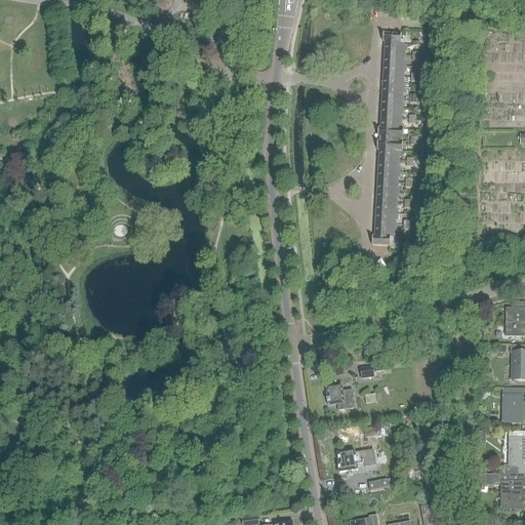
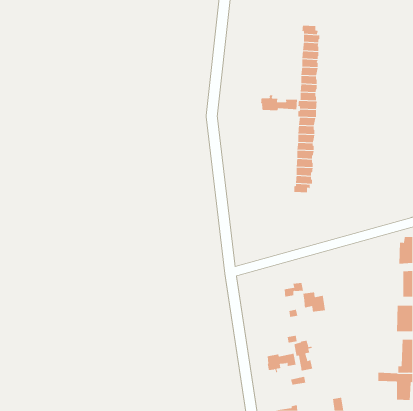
building: none -> [261,94,297,111]
building: [326,383,356,409] -> [303,292,326,312]
building: none -> [294,340,313,371]

